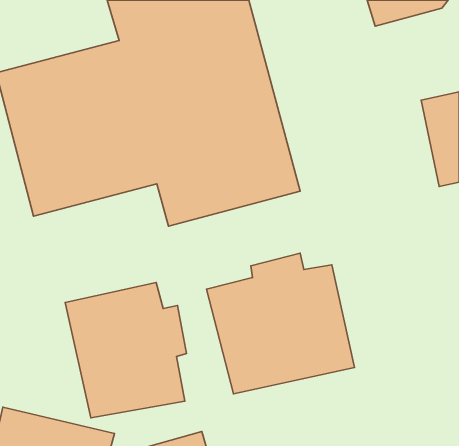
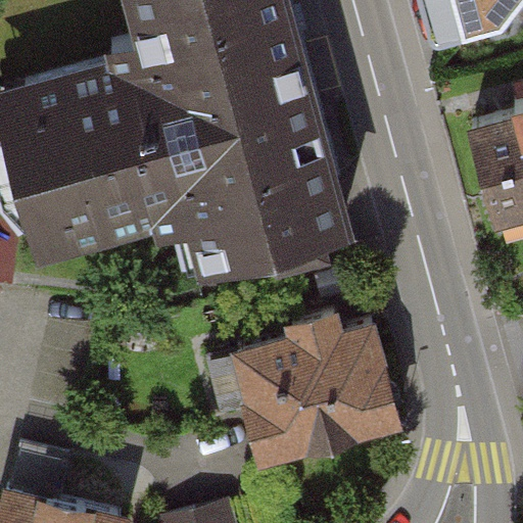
building: [65,282,187,418] -> none

